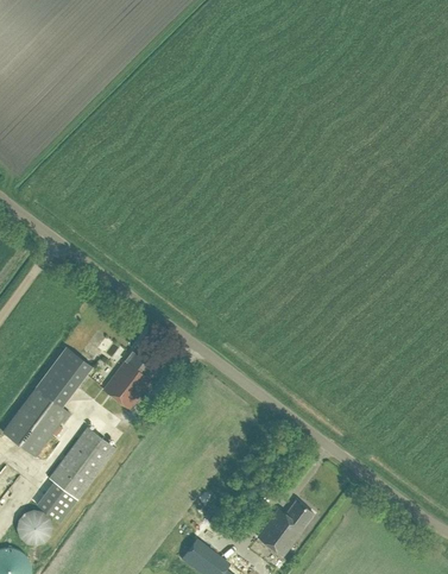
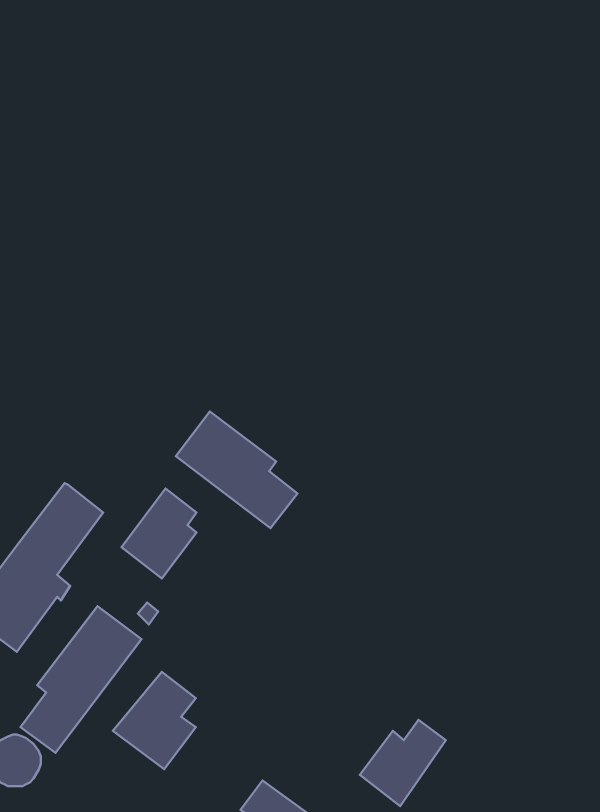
building: none -> [176,412,298,528]
building: none -> [113,672,196,769]

